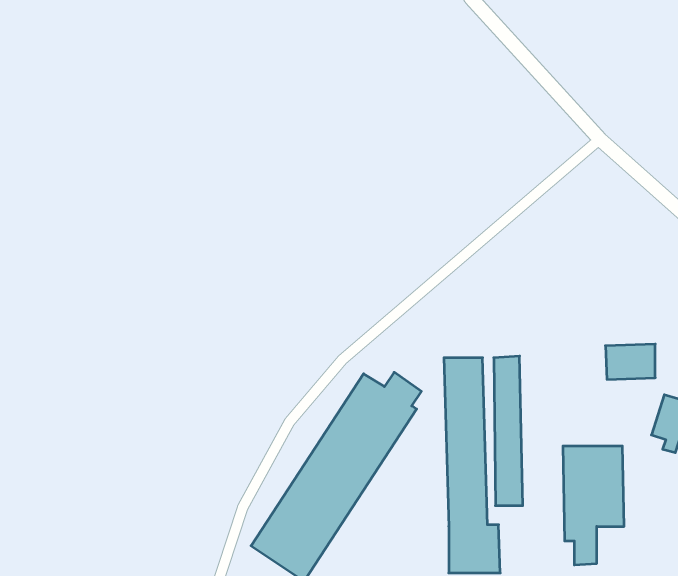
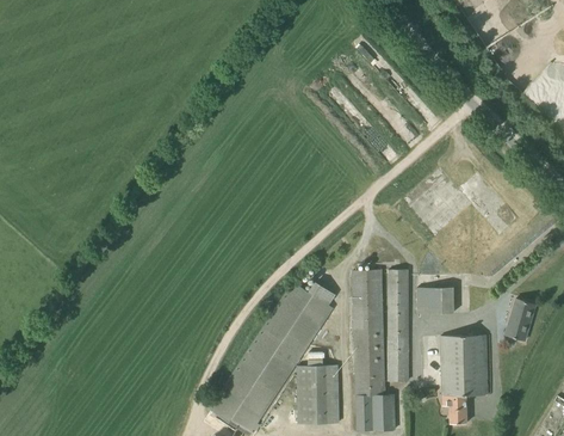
building: [605,344,655,379] -> [416,287,453,313]
building: none -> [297,366,339,424]

